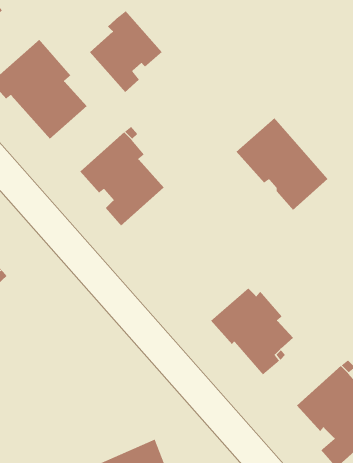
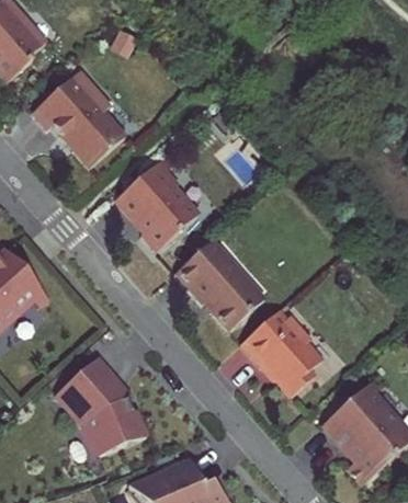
building: [89,10,163,93] -> none
building: [236,117,328,211] -> [174,238,263,328]
building: none -> [54,354,146,453]

